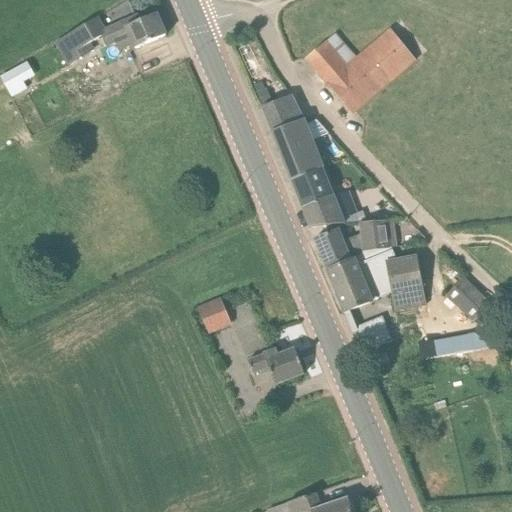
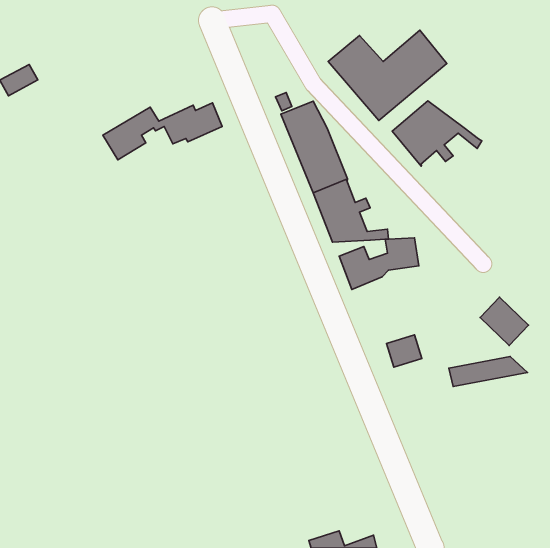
building: [54,12,165,65] -> [103,103,222,160]
building: none -> [392,101,482,166]
building: [327,247,430,318] -> none
building: [198,298,231,332] -> none
building: [247,348,304,384] -> none

